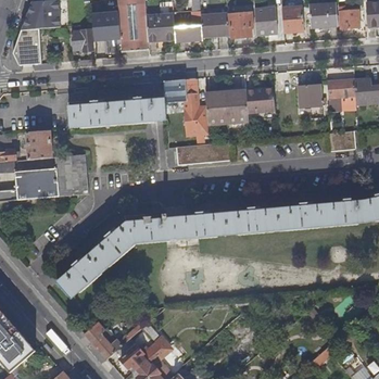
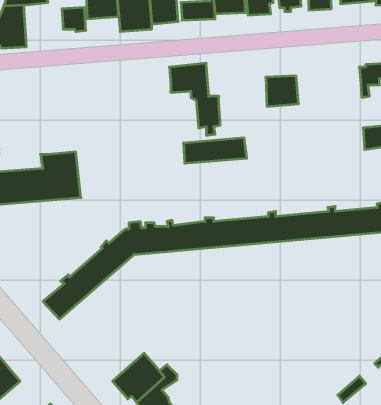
building: [298,86,321,108] -> none
building: [205,92,245,127] -> none
building: [67,97,166,126] -> none
building: [25,130,51,159] -> none
building: [85,321,142,357] -> none

